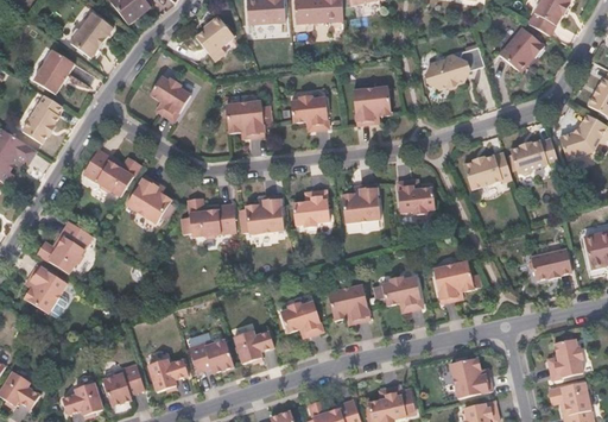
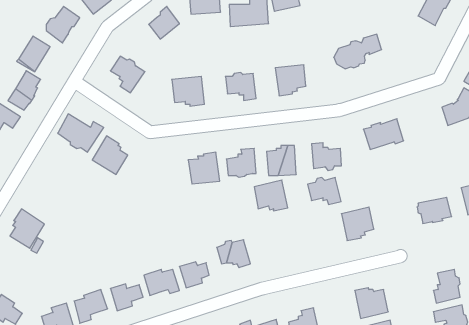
building: [500,29,544,71] -> none
building: [509,138,558,175] -> none
building: [188,196,235,235] -> none
building: [38,220,91,271] -> none
building: [382,278,424,311] -> [308,178,341,204]
building: [328,286,369,325] -> [254,180,288,211]

